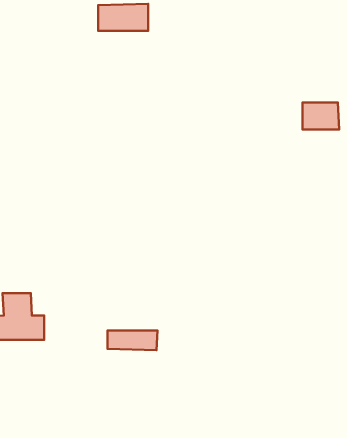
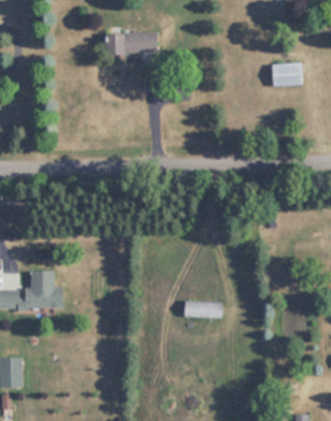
building: [302,103,339,130] -> [274,63,304,85]
building: [107,331,158,350] -> [184,300,225,317]

